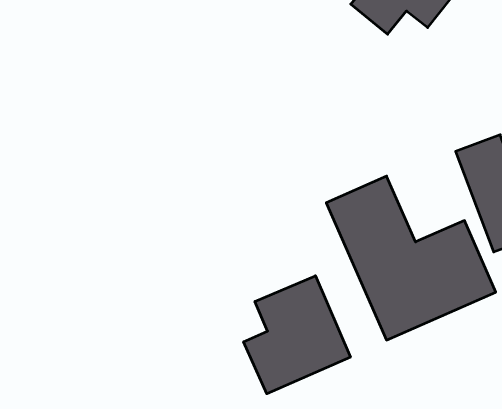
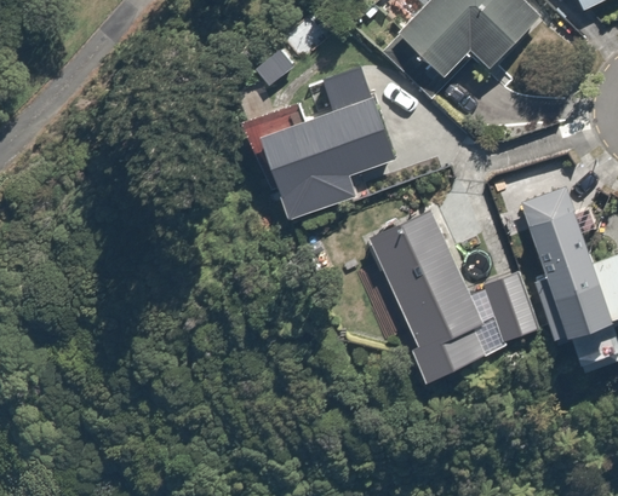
building: none -> [261,64,400,214]
building: [244,276,350,394] -> none

